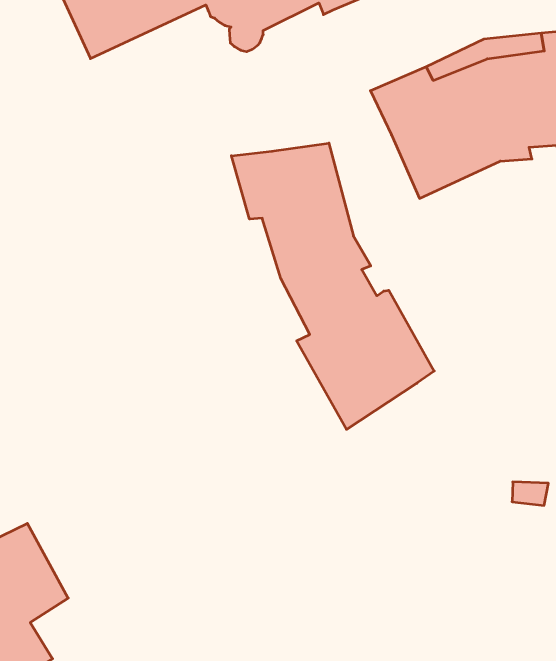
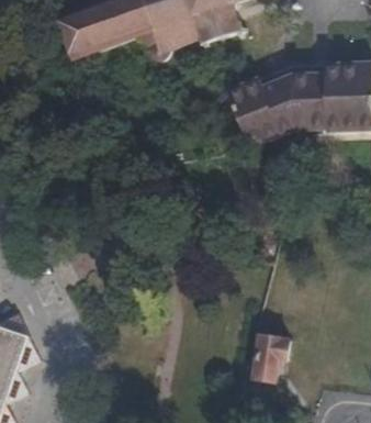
building: [231,143,434,429] -> none
building: none -> [254,334,290,380]

